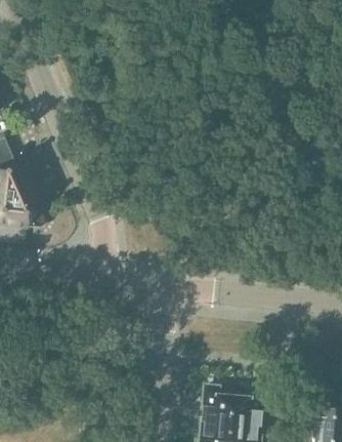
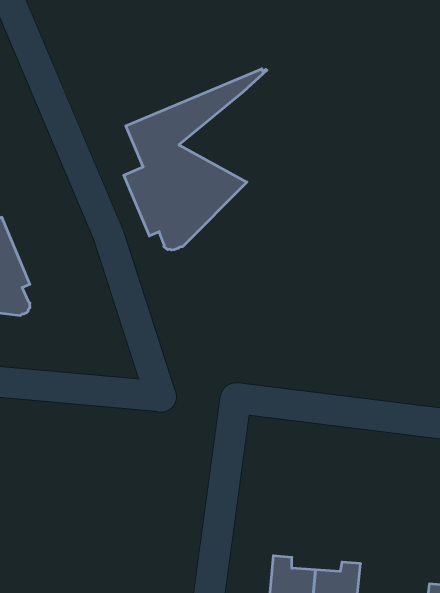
building: none -> [124,69,267,250]

